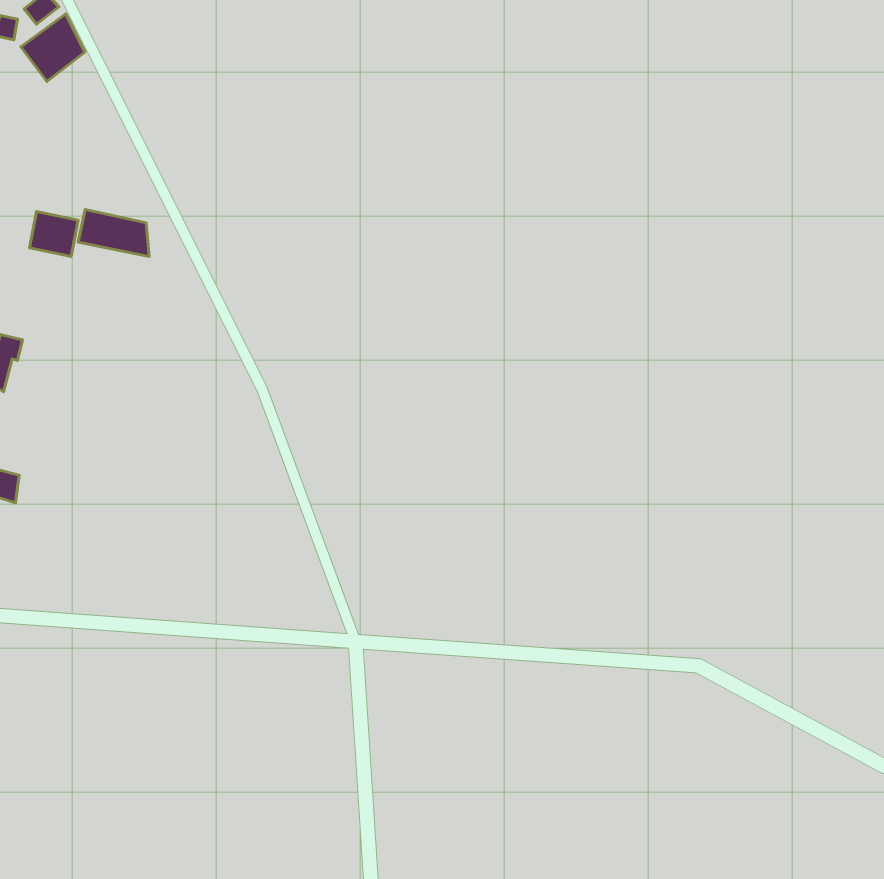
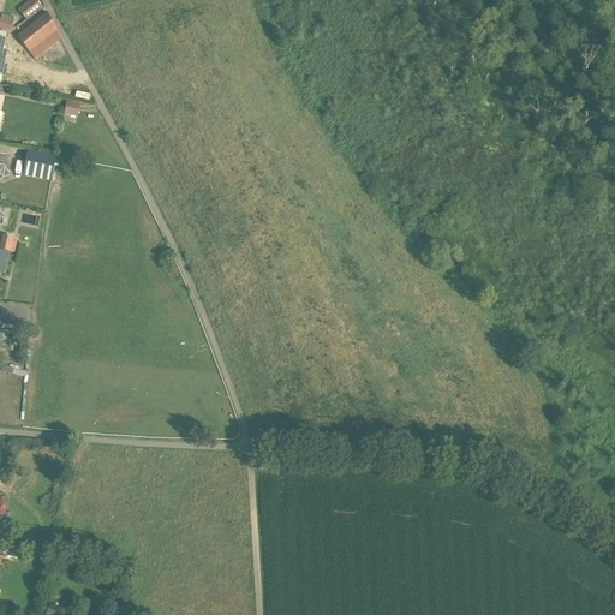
building: [78,209,149,257] -> none

